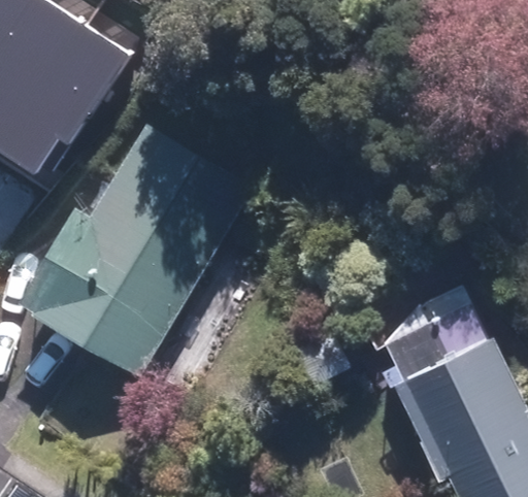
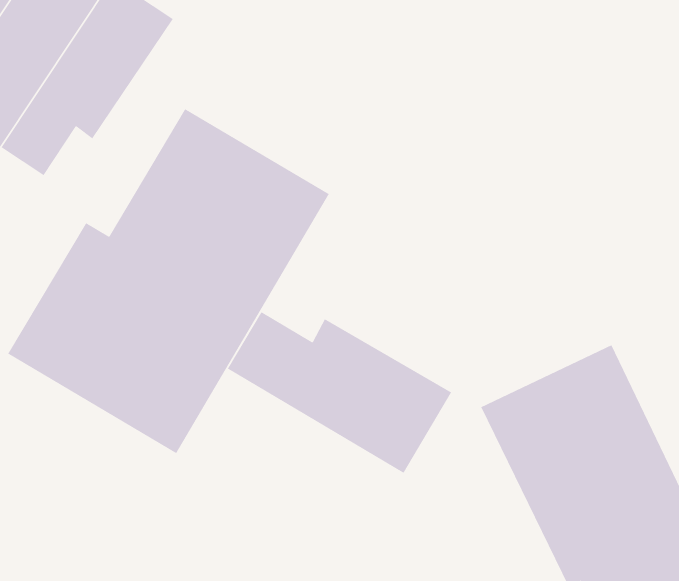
building: none -> [227,311,452,474]

